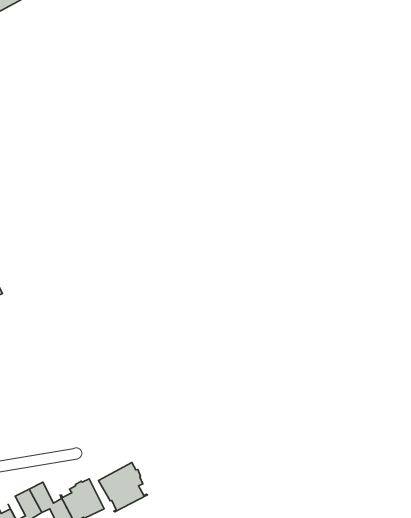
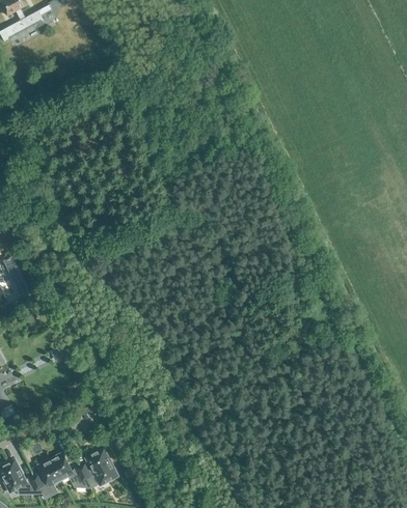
building: [98,462,147,512] -> none

